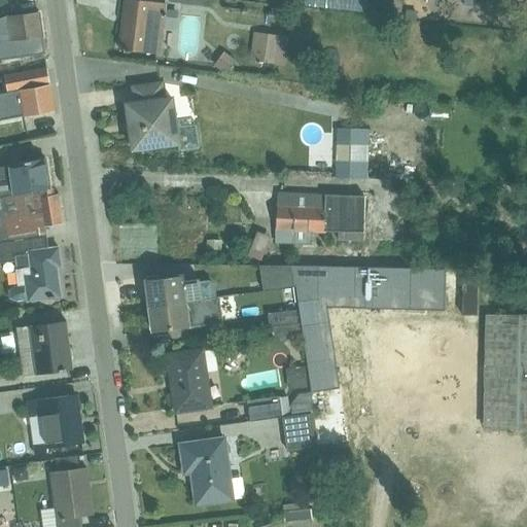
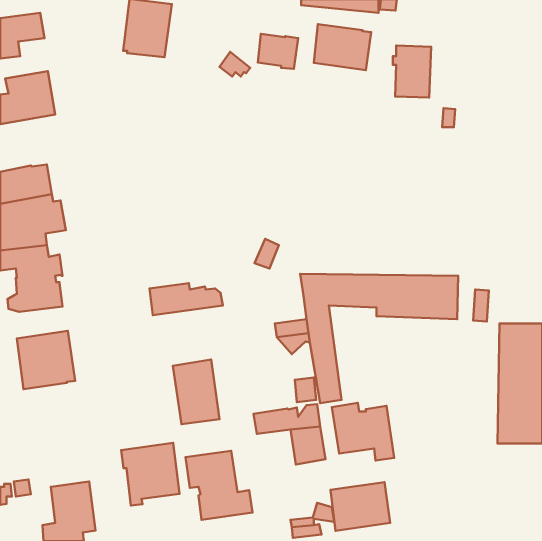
building: none -> [314,24,371,70]
building: [127,82,180,149] -> none
building: [332,129,370,179] -> [393,46,431,98]
building: [275,192,364,245] -> none
building: [259,266,294,291] -> none
building: [148,296,222,331] -> none
building: none -> [332,403,394,461]
building: [26,394,82,455] -> [121,443,180,505]
building: none -> [331,482,390,531]

